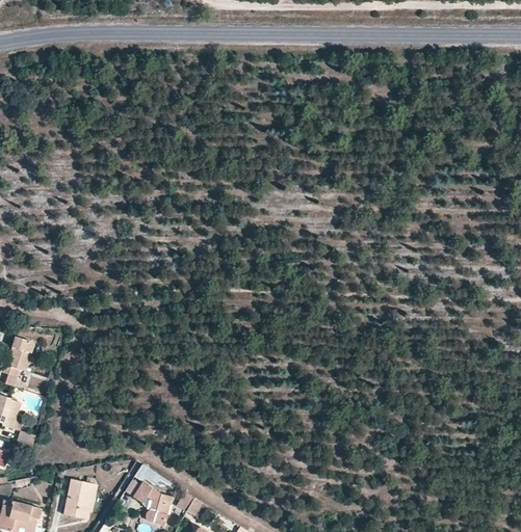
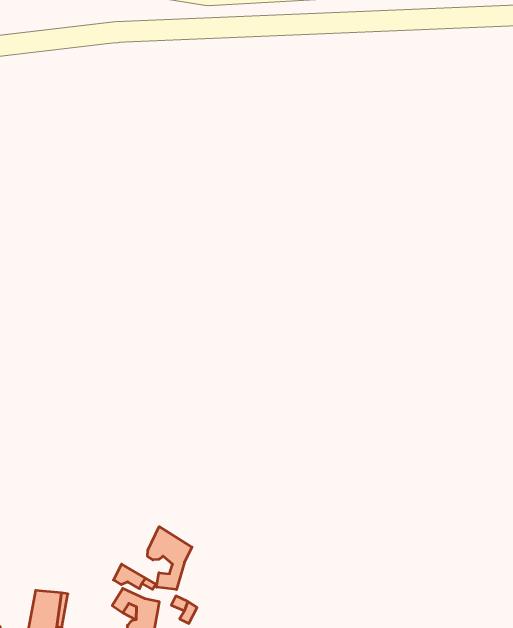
building: none -> [148,527,192,590]

